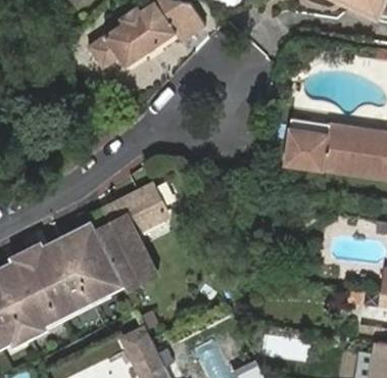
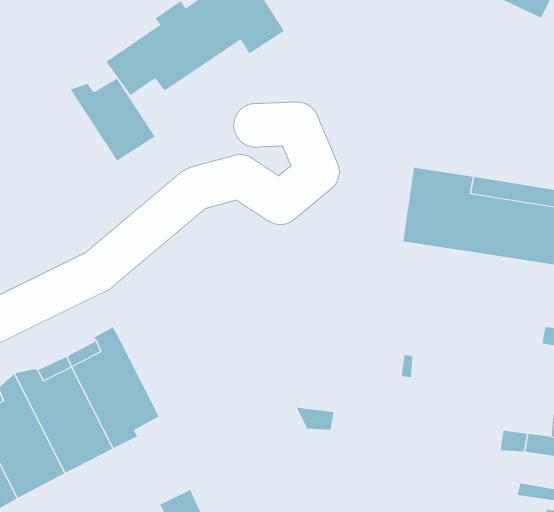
building: none -> [70,78,155,161]
building: [97,183,166,289] -> none

